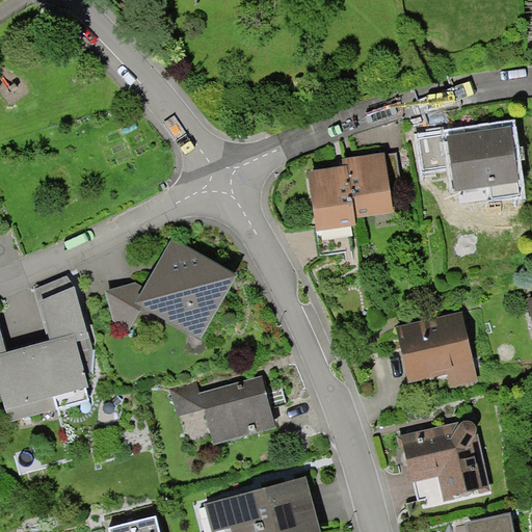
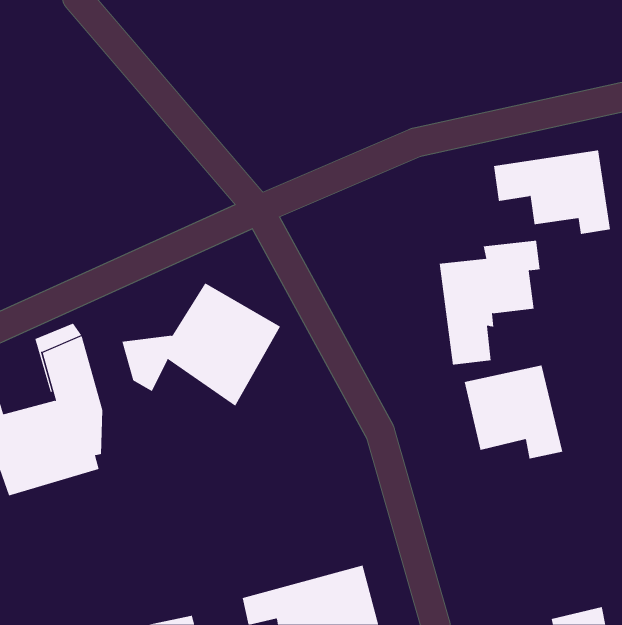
building: [309,153,395,259] -> [439,240,541,365]
building: [167,372,280,445] -> none
building: [397,419,489,512] -> none

